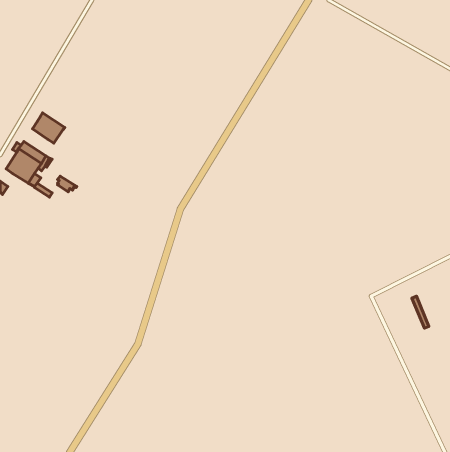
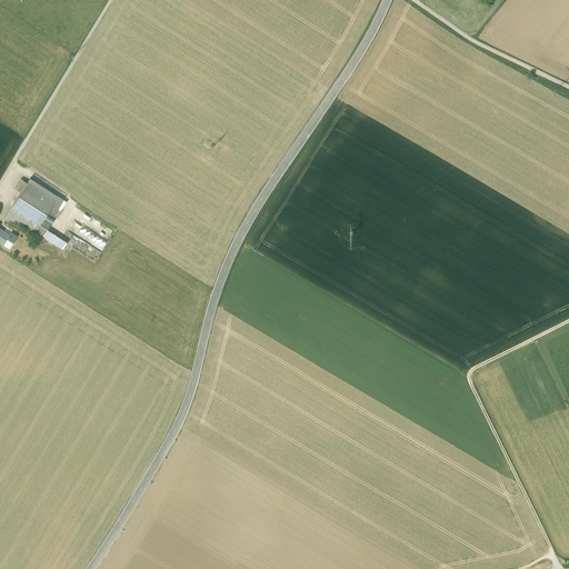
building: [32,113,65,143] -> none

